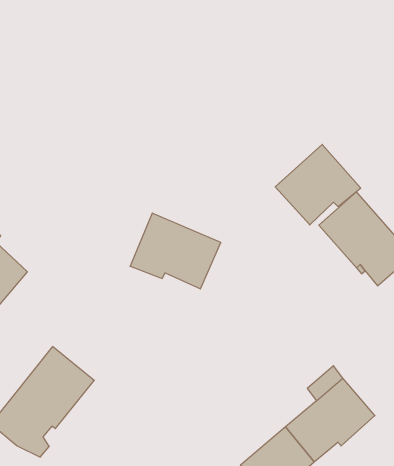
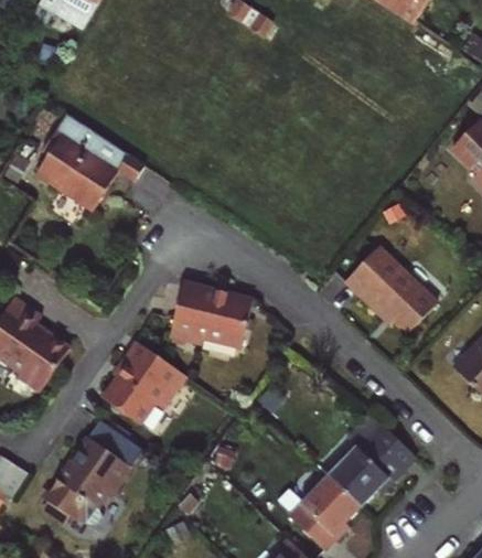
building: none -> [38,112,146,208]
building: [275,144,361,225] -> none
building: none -> [105,340,188,422]

